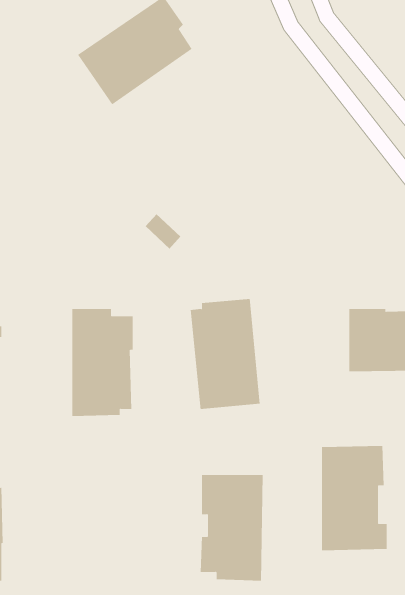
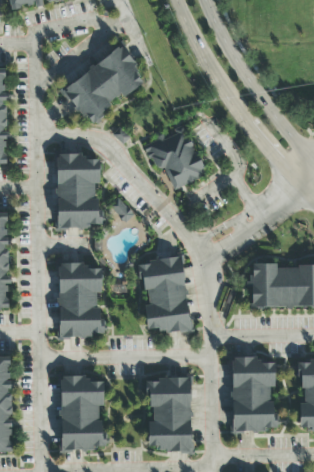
building: none -> [144,125,206,190]
building: none -> [57,156,101,228]
building: none -> [61,378,104,450]

